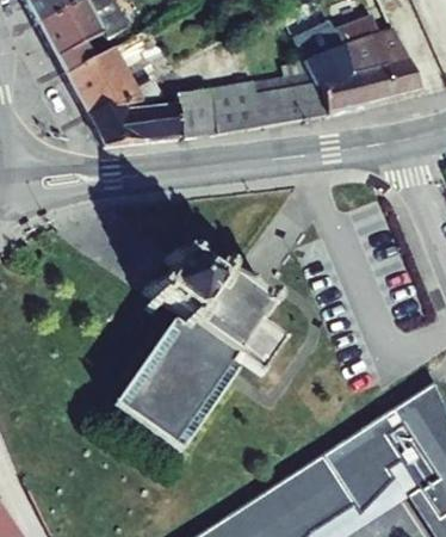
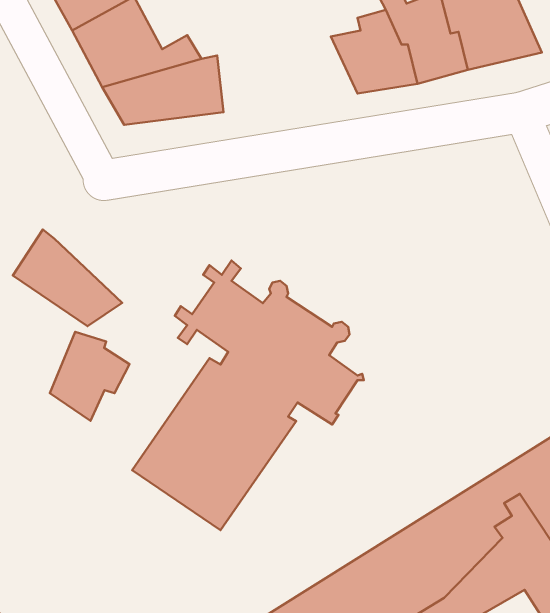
building: [178,80,284,137] -> none
building: none -> [13,229,122,326]
building: none -> [50,332,129,421]

